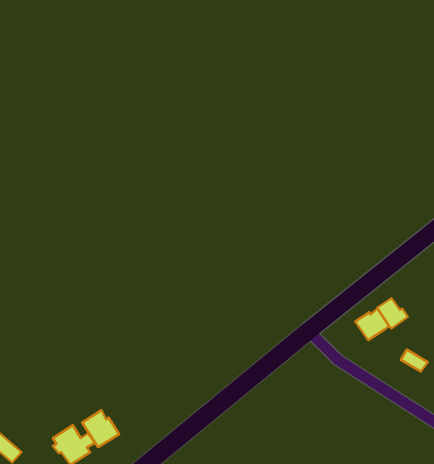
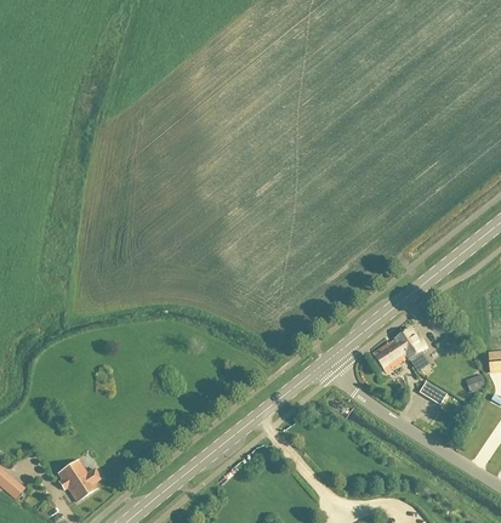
building: [82,410,119,447] -> none

